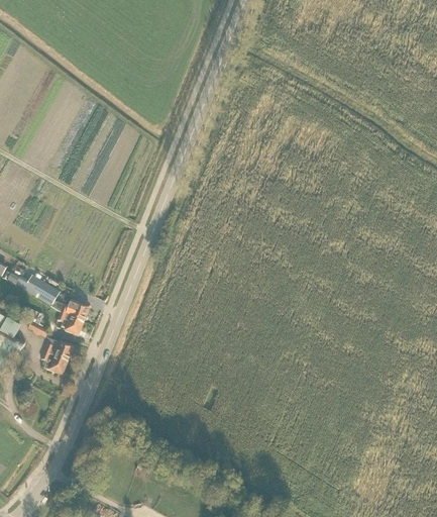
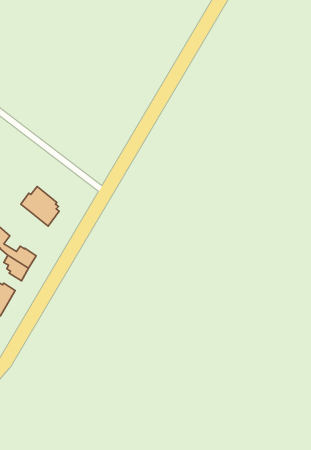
building: none -> [21,187,59,226]

